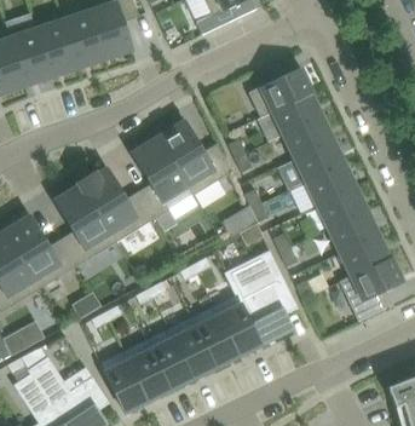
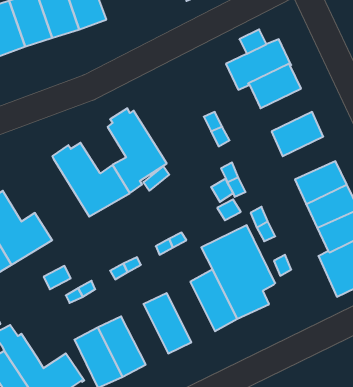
building: [283,116,334,159] -> none
building: [158,120,232,195] -> none
building: [305,163,357,206] -> none
building: [56,185,115,265] -> none
building: [191,306,238,365] -> none
building: [146,328,192,387] -> none

